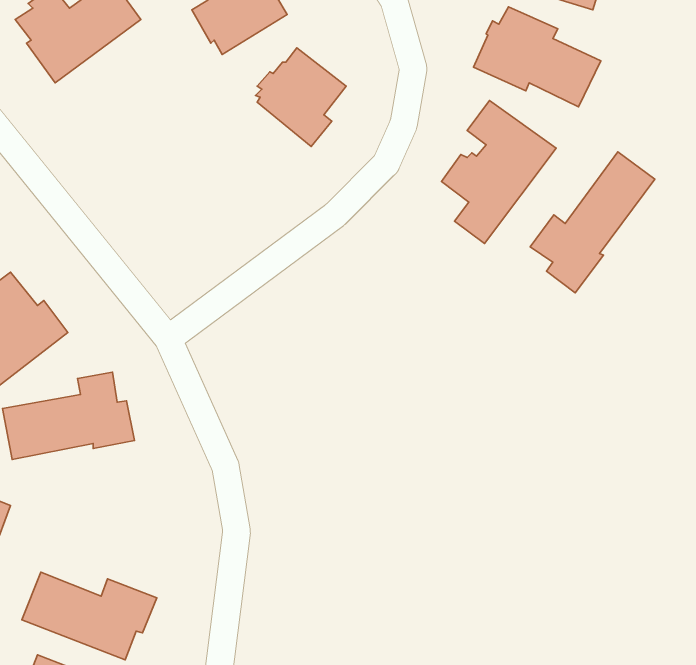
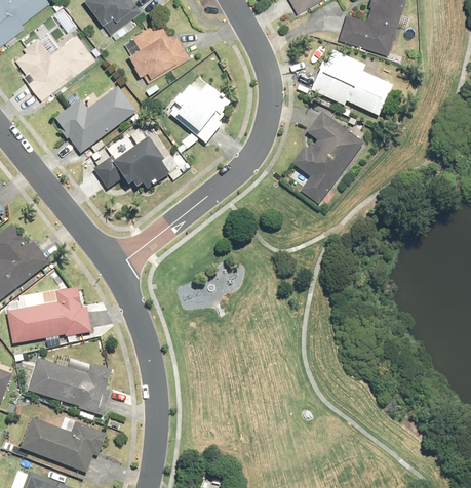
building: none -> [52,86,135,154]
building: none -> [93,136,168,189]
building: [530,152,655,293] -> none
building: none -> [28,358,111,415]

